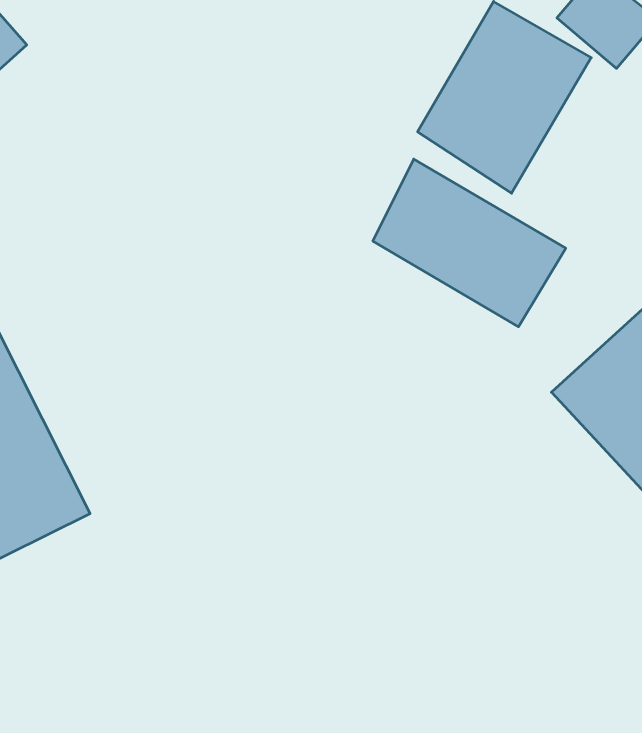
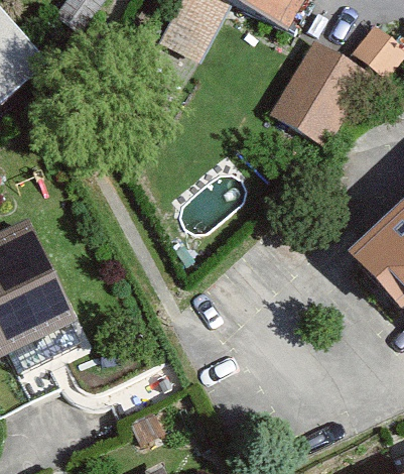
building: [373,159,566,327] -> none

